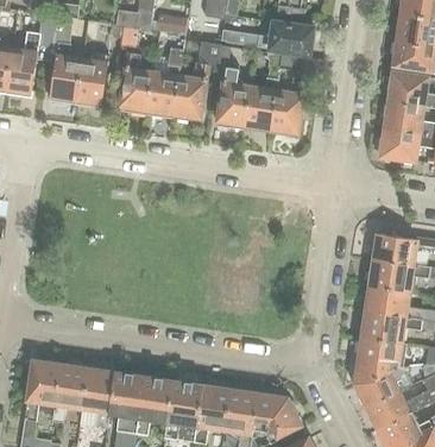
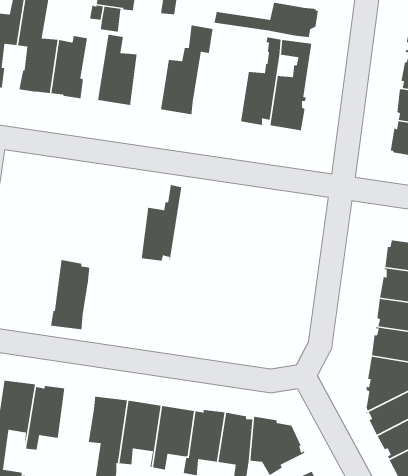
building: [215,45,251,128] -> none
building: [146,48,183,118] -> [141,184,182,263]
building: [78,365,114,428] -> [50,259,90,330]

